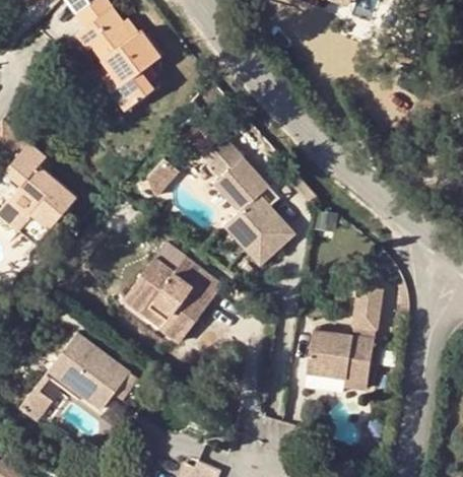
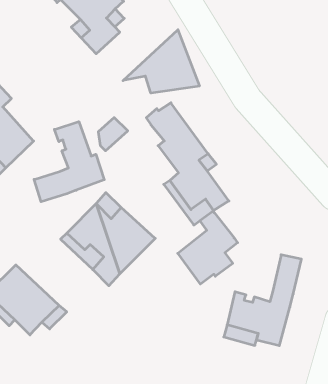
building: none -> [123,30,199,93]
building: none -> [34,122,104,202]
building: none -> [178,211,238,284]

